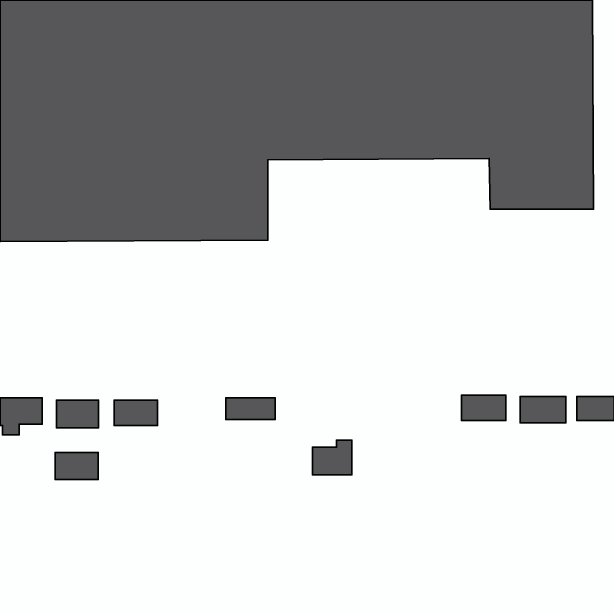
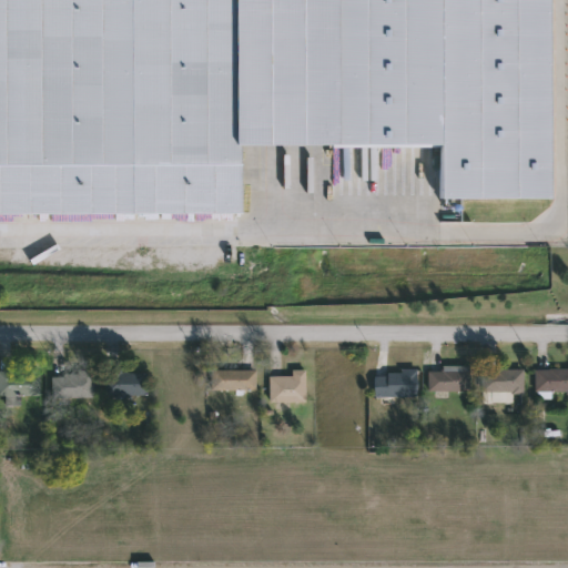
building: none -> [372,367,415,390]
building: [312,440,352,475] -> [266,367,303,399]
building: [55,453,98,479] -> none

